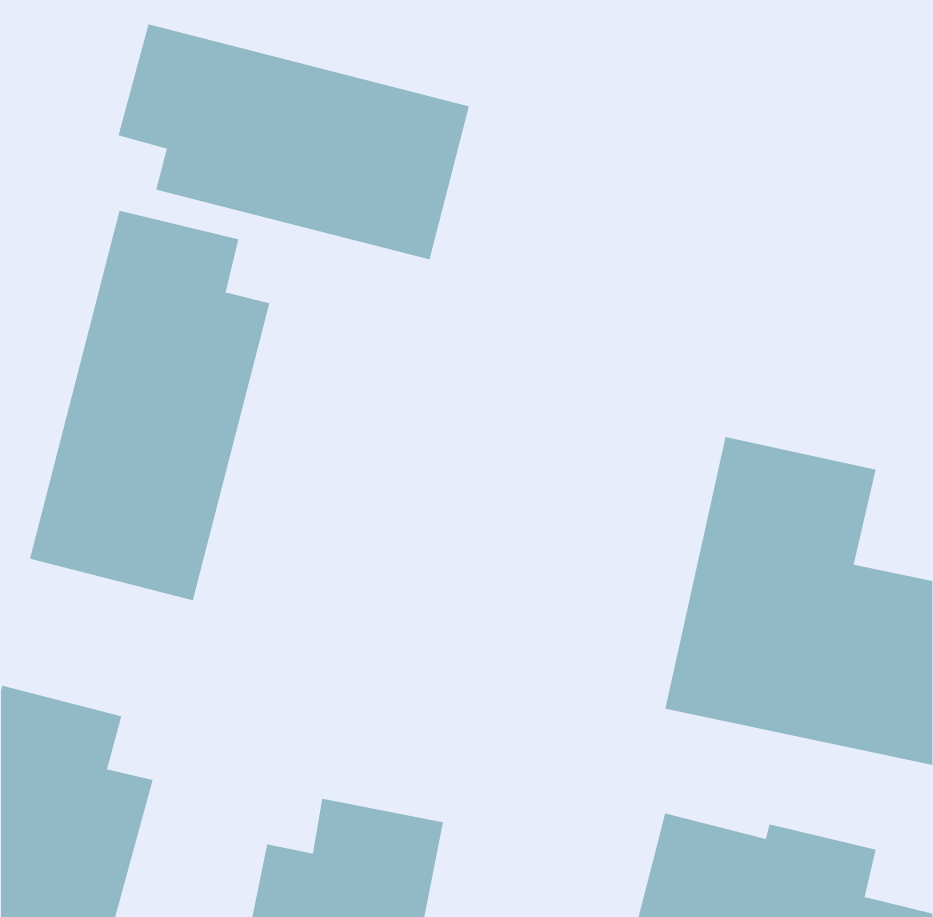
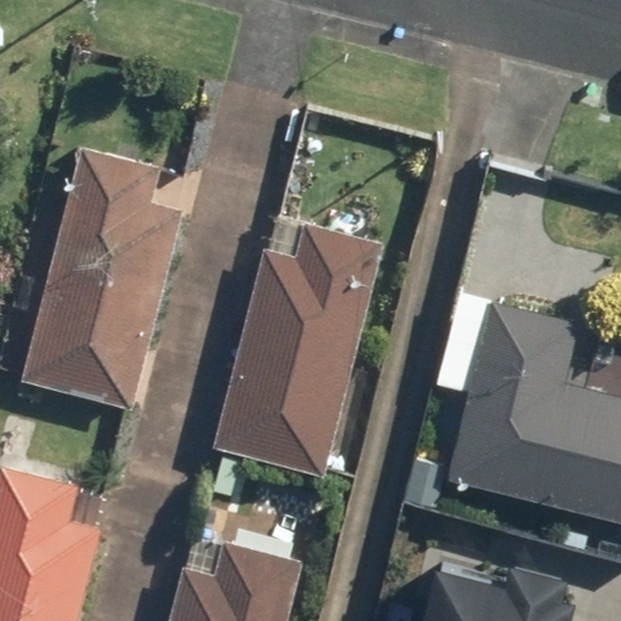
building: [118,24,469,260] -> none
building: none -> [221,224,377,477]

